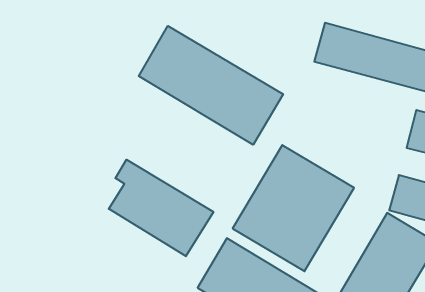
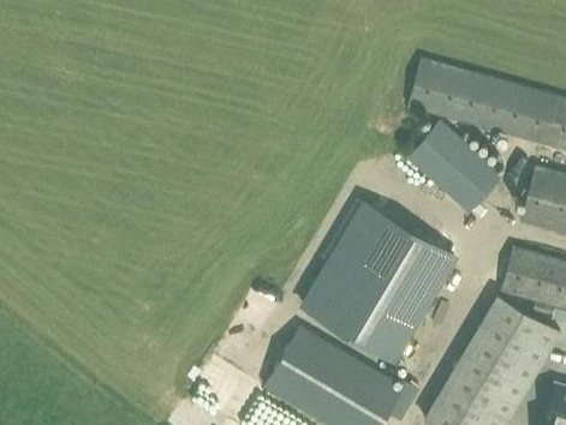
building: [139,26,283,145] -> none
building: none -> [406,118,504,211]
building: [109,160,213,256] -> none

